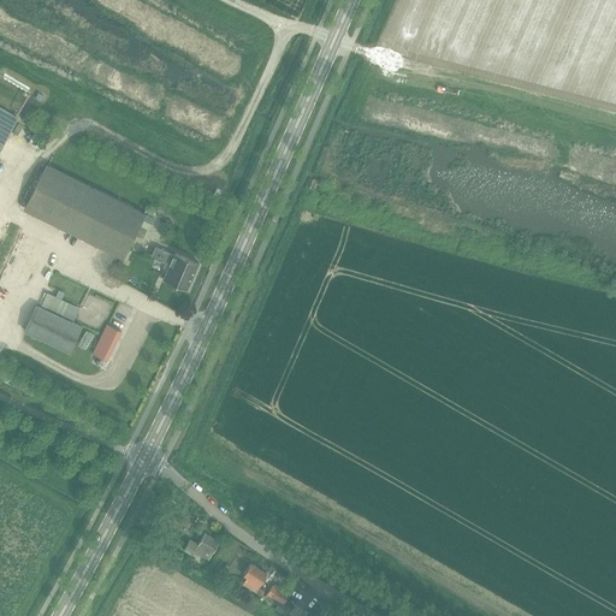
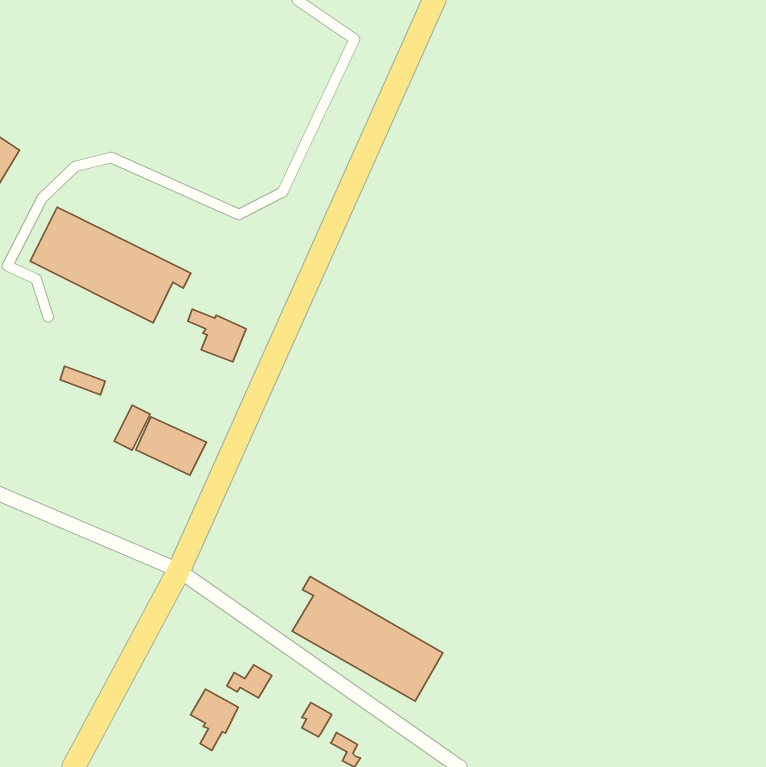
building: [24,306,81,353] -> [136,417,206,475]
building: none -> [292,576,443,701]
building: none -> [191,689,238,750]

